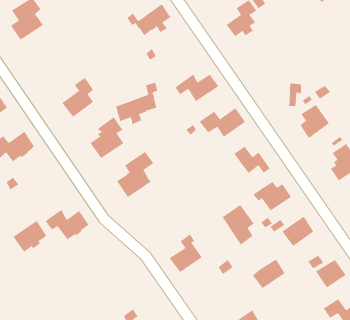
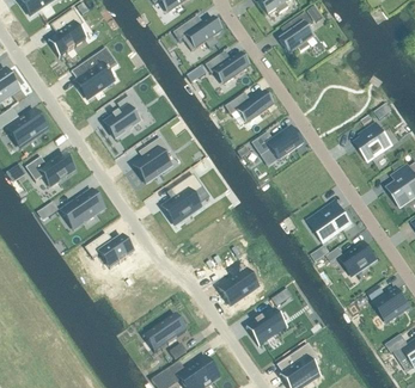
building: none -> [75,48,114,99]
building: none -> [206,53,249,84]
building: [116,82,158,125] -> none
building: [233,146,270,174] -> none
building: [222,204,255,245] -> none
building: [13,220,47,252] -> [63,191,100,226]
building: [252,259,286,289] -> [248,309,283,341]
building: none -> [146,314,185,350]

